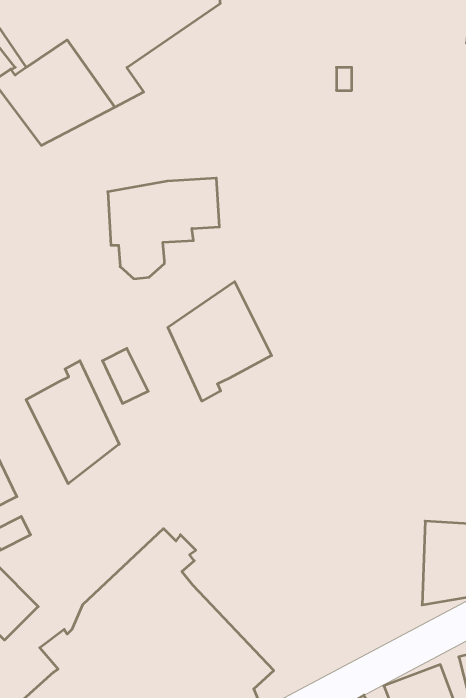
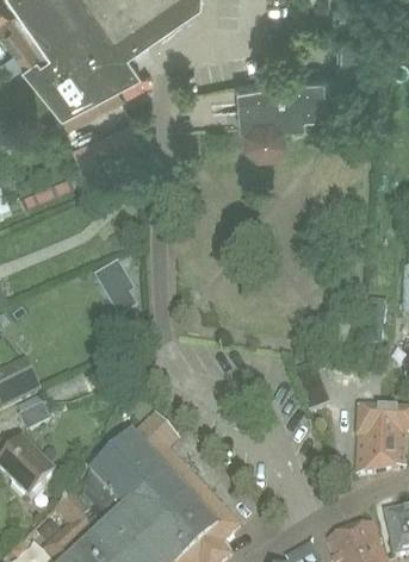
building: [108,178,219,279] -> [235,75,322,154]
building: [168,282,272,401] -> none
building: [26,361,119,484] -> none

